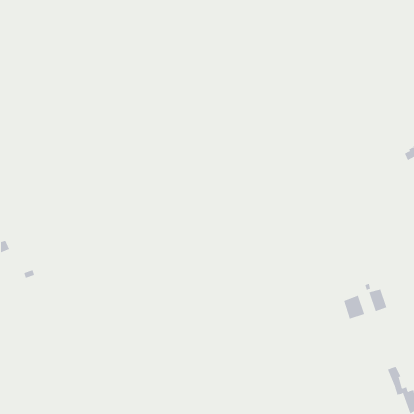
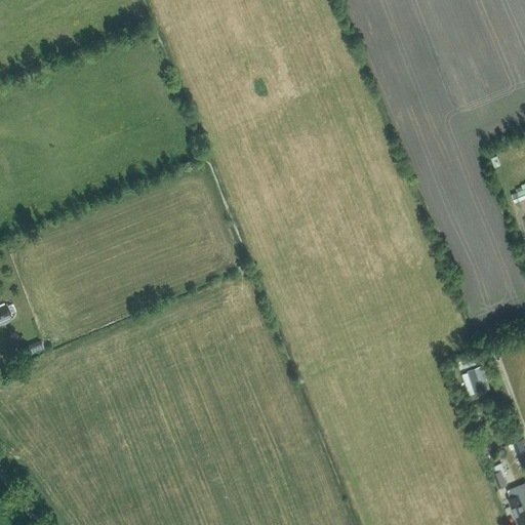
building: [344,295,365,320] -> none

